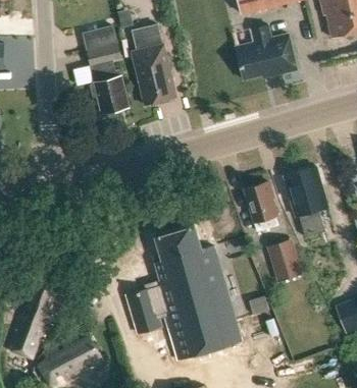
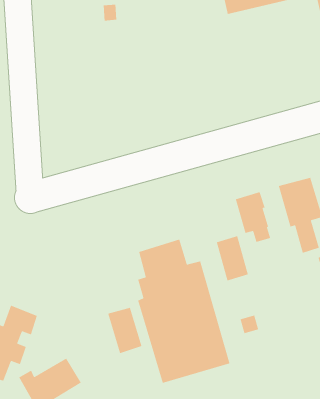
building: [237,23,296,79] -> none
building: [83,25,129,114] -> none
building: [130,25,176,105] -> none
building: [270,238,301,281] -> [216,235,249,282]

